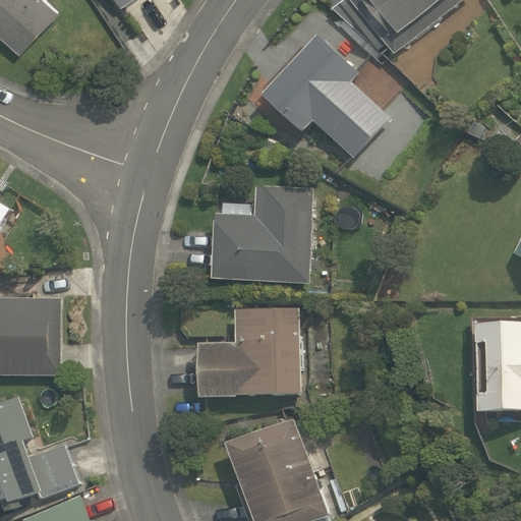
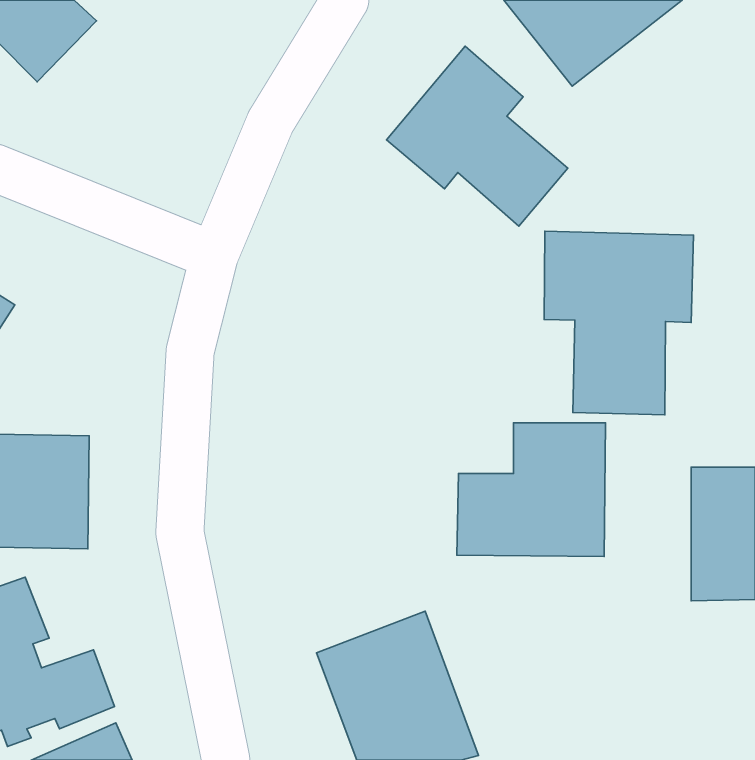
building: none -> [544,231,693,415]
building: [217,189,309,285] -> none
building: [197,305,299,397] -> [457,423,606,557]

